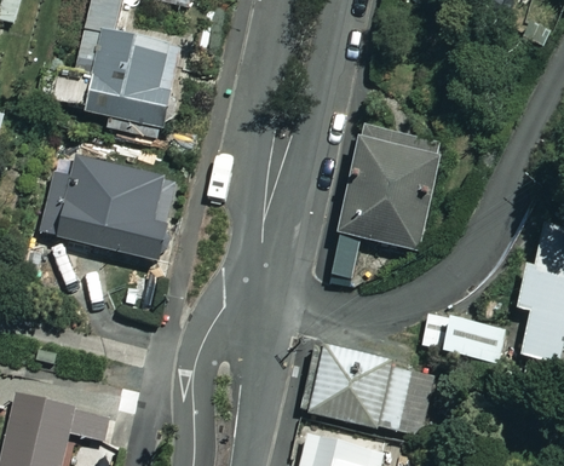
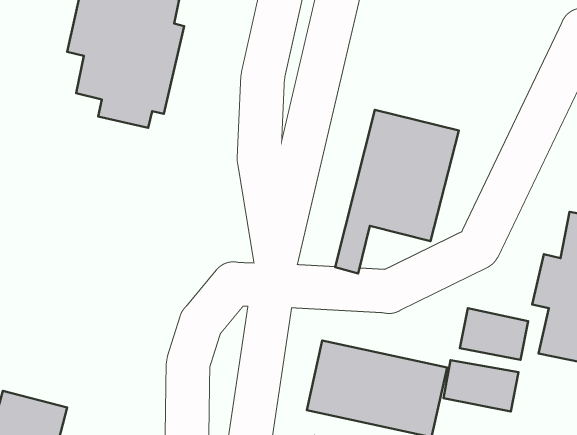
building: [36,148,178,264] -> none
building: none -> [444,360,518,411]

